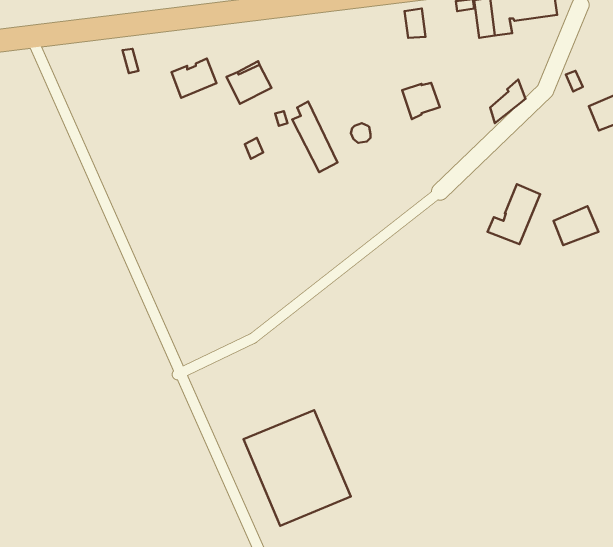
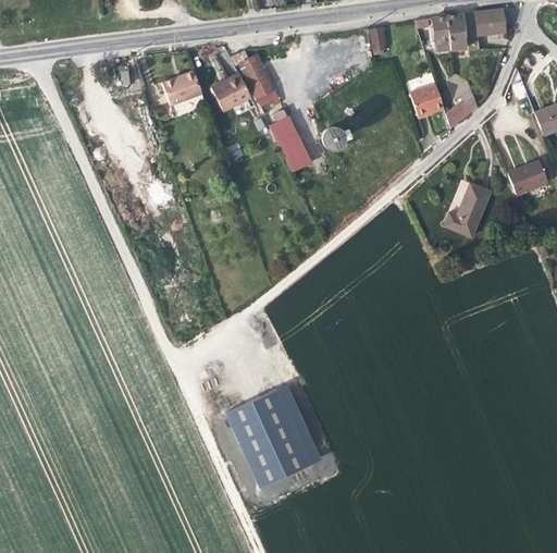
building: none -> [232,50,278,107]
building: [402,83,440,119] -> [410,86,444,119]
building: [553,206,599,245] -> [508,160,548,195]

